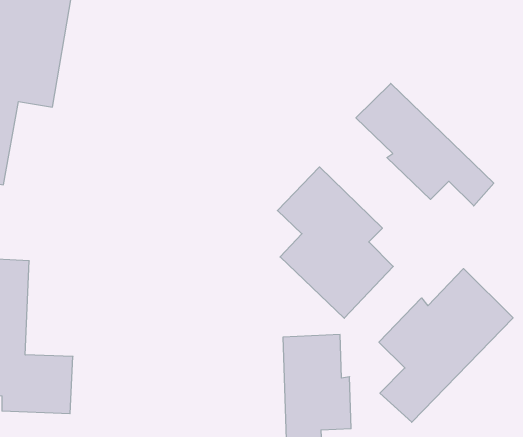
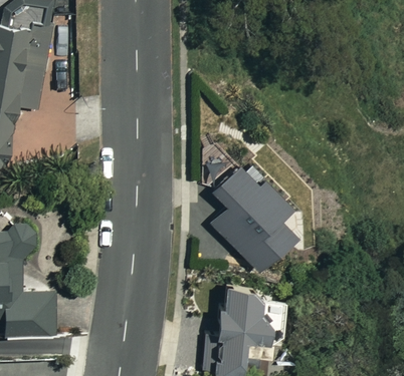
building: [356,83,494,206] -> none
building: [379,269,513,422] -> none

